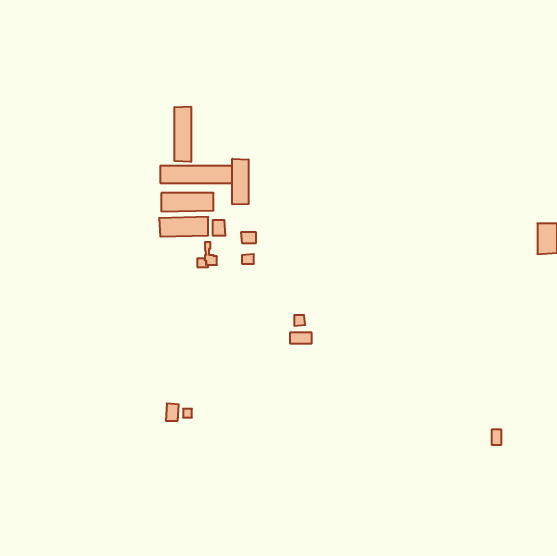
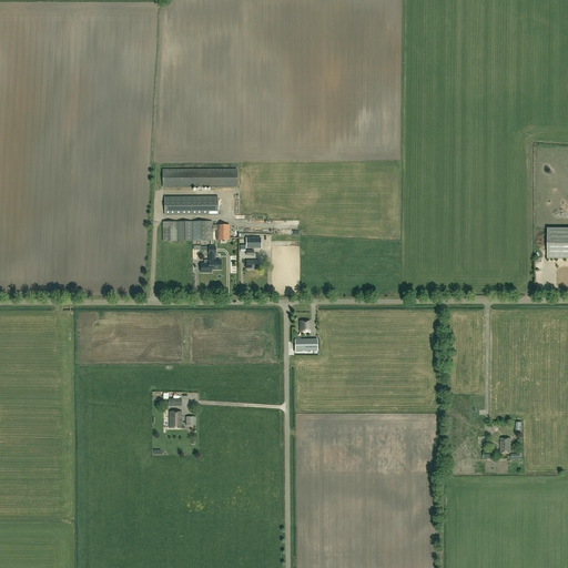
building: [175,107,191,162] -> none
building: [232,159,249,204] -> none

